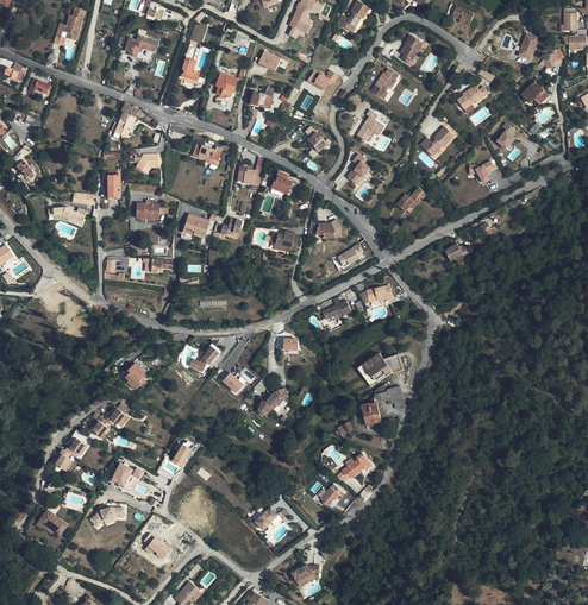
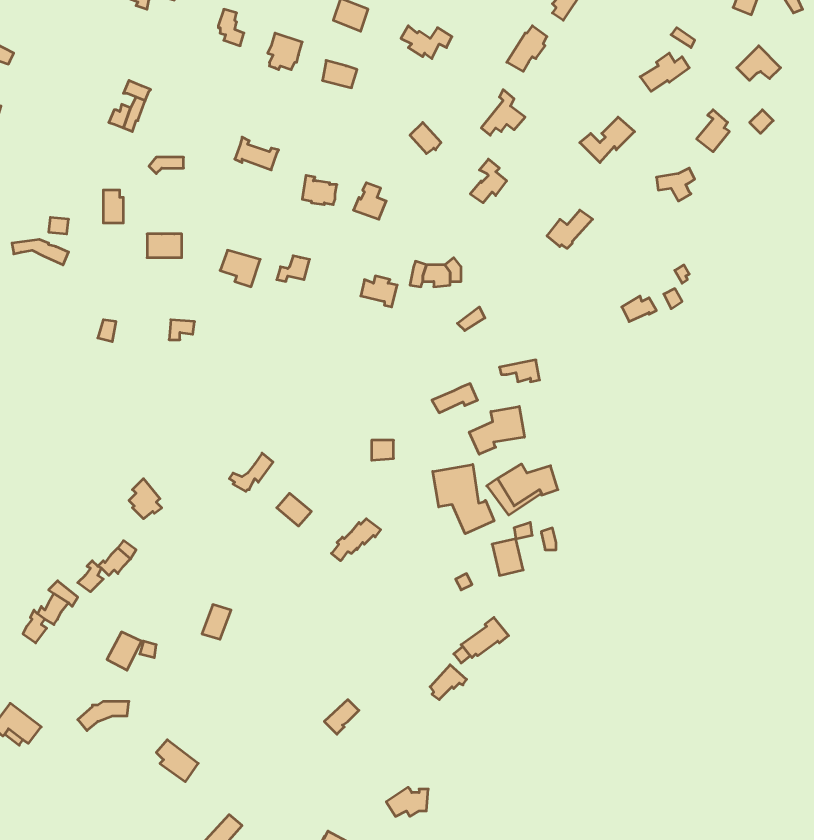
building: none -> [469,406,524,454]
building: none -> [433,464,494,534]

